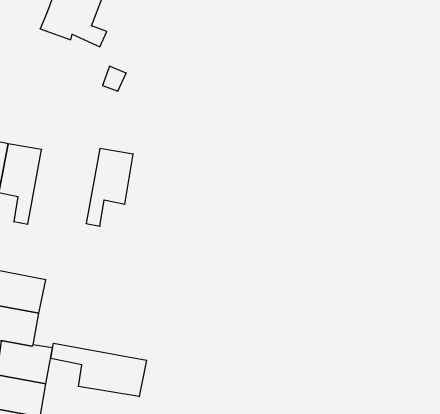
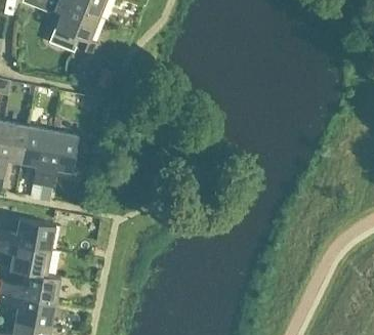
building: [86,149,133,226] -> [42,130,77,187]
building: [51,343,147,397] -> none

